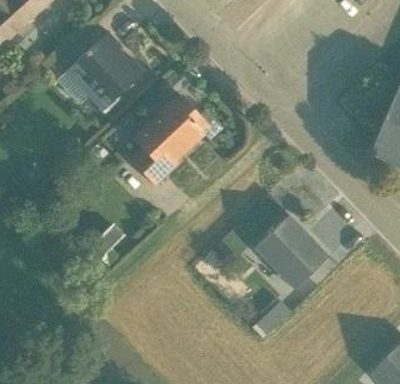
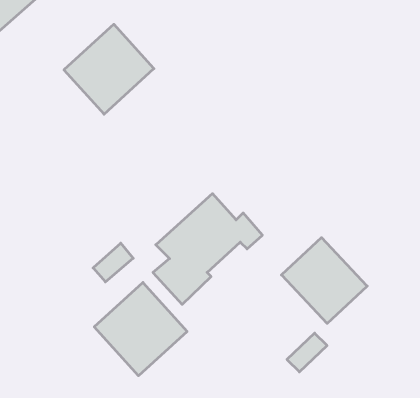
building: [128,93,222,188] -> [153,194,262,304]
building: none -> [94,282,187,376]

